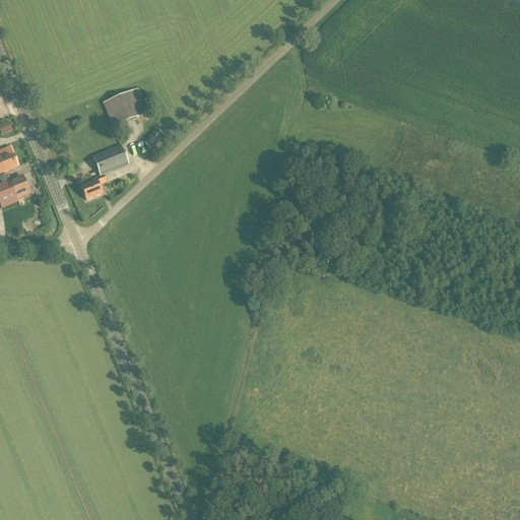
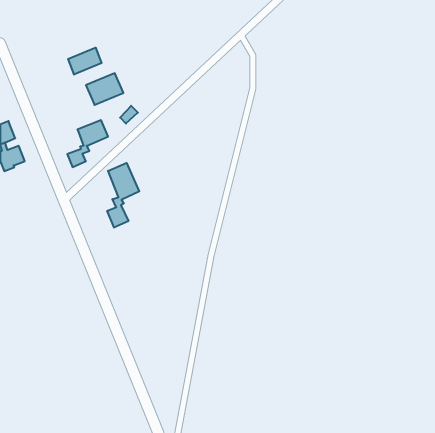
building: none -> [68,48,102,75]
building: none -> [107,163,139,228]

